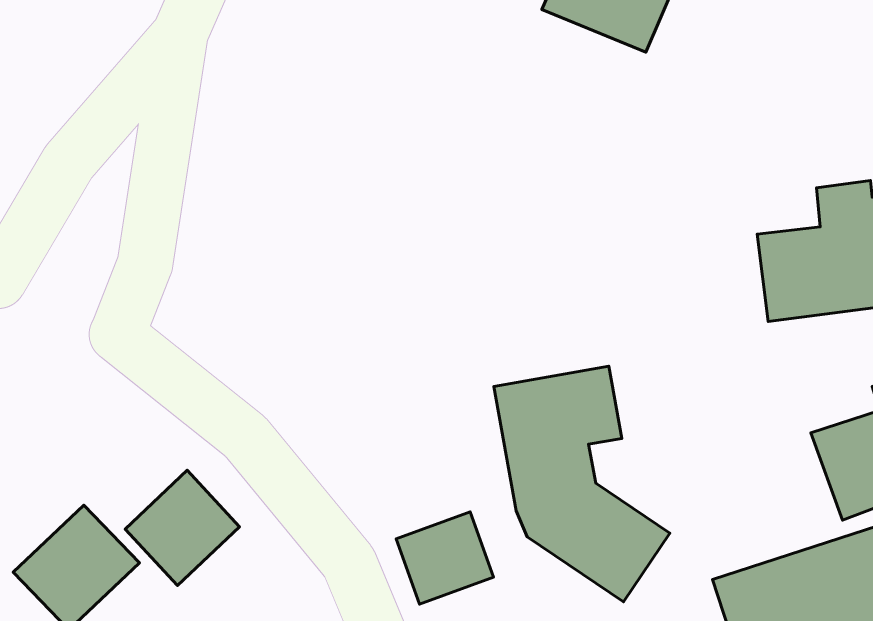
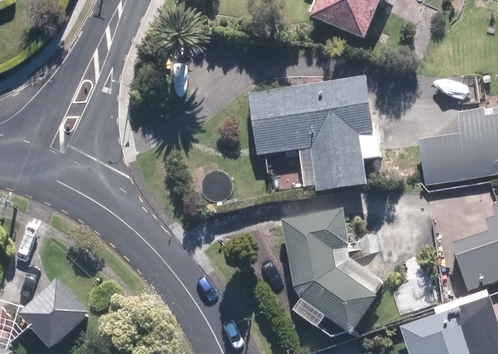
building: none -> [247,75,380,191]
building: [125,470,240,586] -> none
building: [396,512,493,604] -> none

